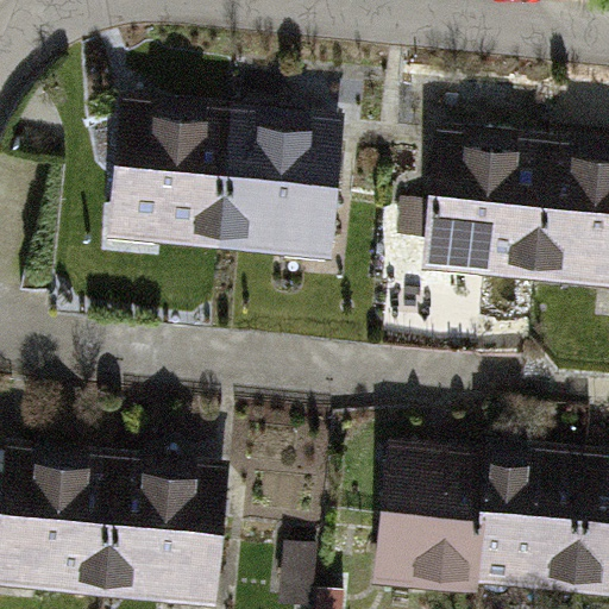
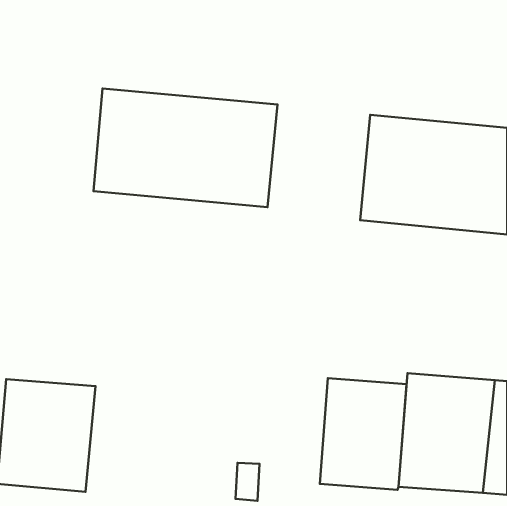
building: [101,466,216,601] -> none

